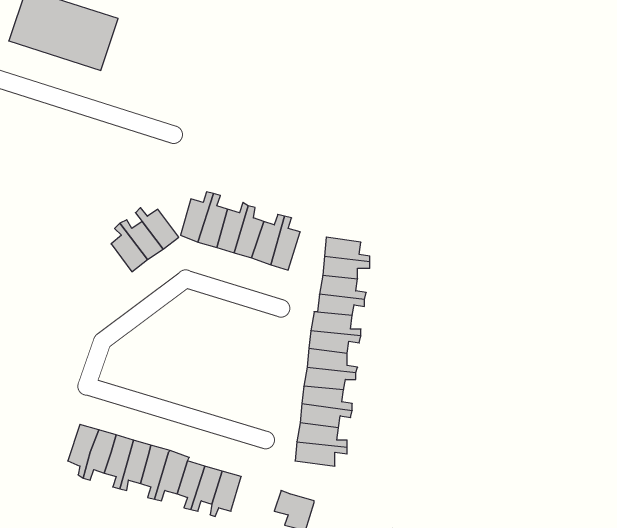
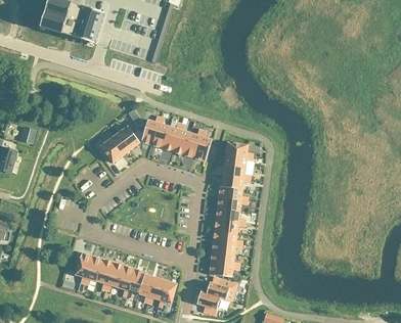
building: none -> [206,278,236,302]

